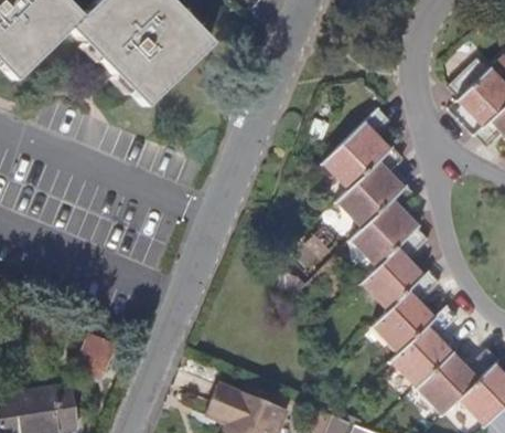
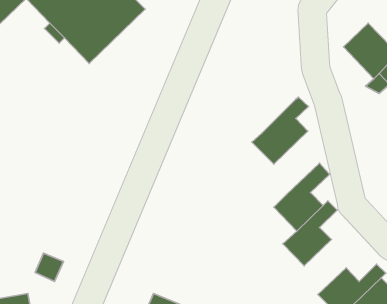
building: [324,108,394,192] -> none
building: [356,188,421,266] -> none
building: [394,307,461,387] -> none

